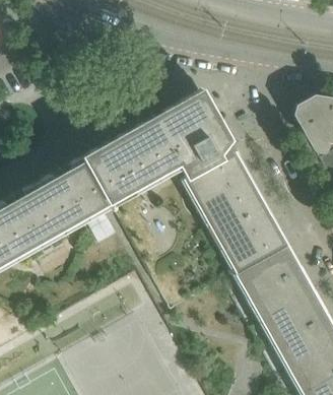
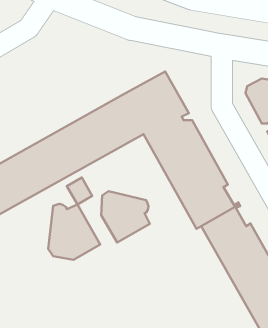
building: none -> [101,191,150,243]
building: none -> [48,204,100,260]

